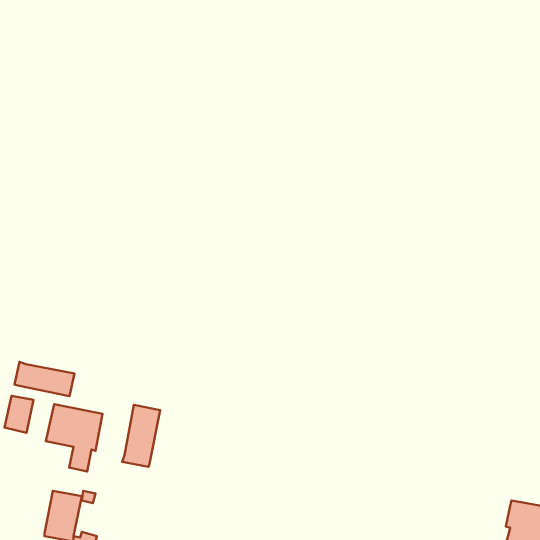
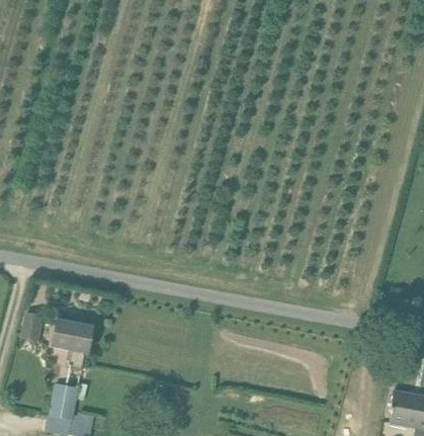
building: [15,362,74,396] -> none
building: [122,405,160,467] -> none

